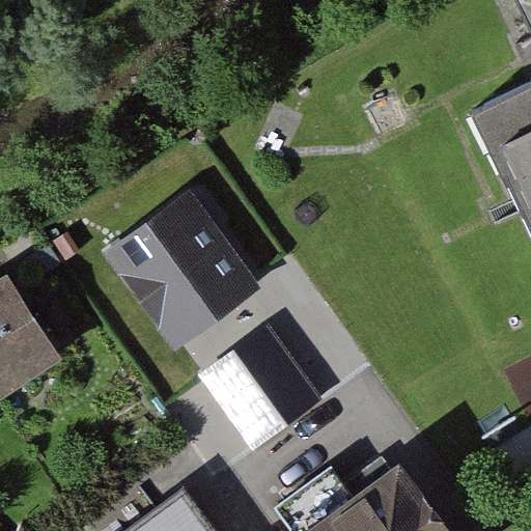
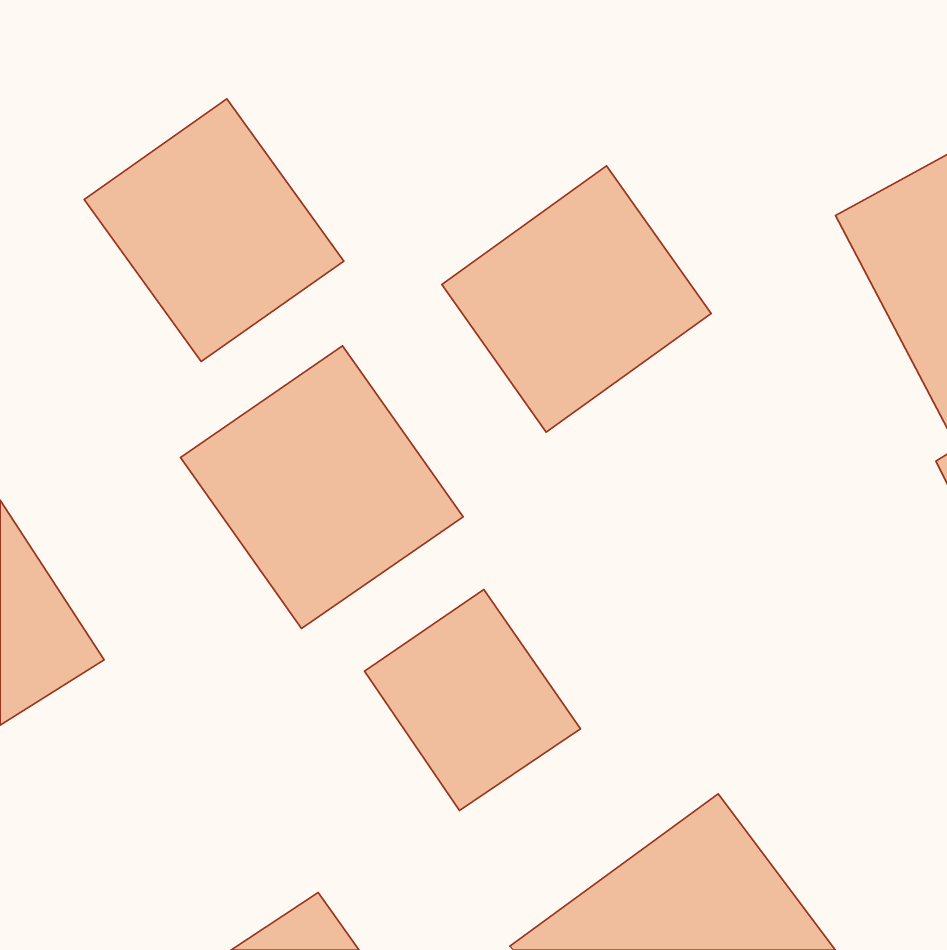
building: none -> [84,99,344,362]
building: none -> [442,166,711,432]

